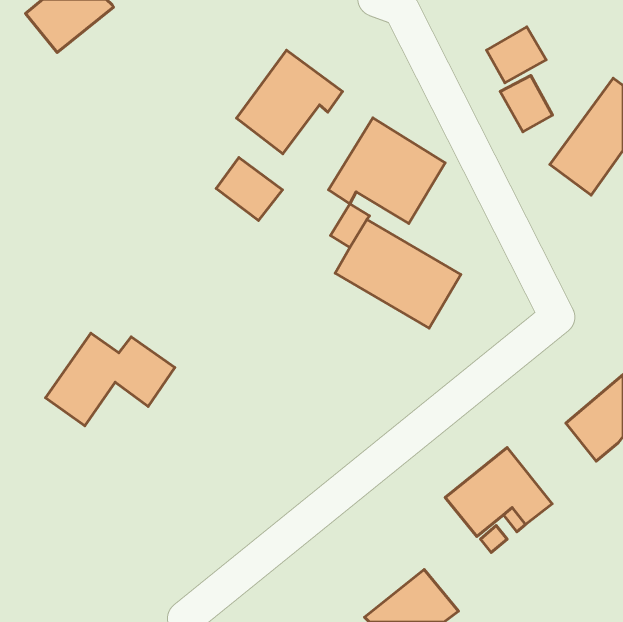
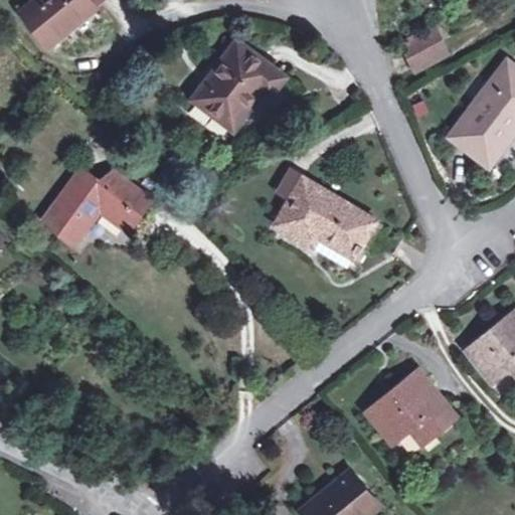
building: [500,76,552,132] -> none
building: [328,118,445,223] -> none
building: [216,158,282,221] -> none
building: [46,333,175,426] -> [43,169,150,245]

